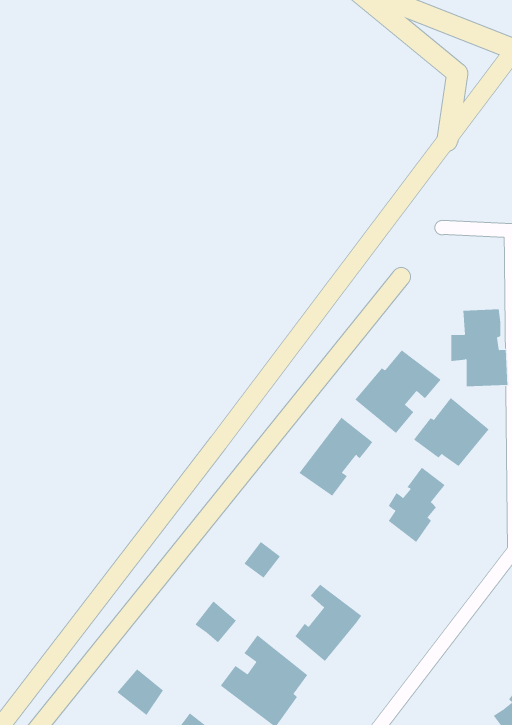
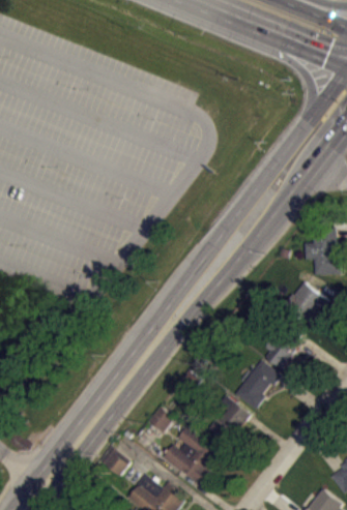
building: [355,350,441,434] -> none
building: [299,417,373,496] -> [236,360,282,409]

